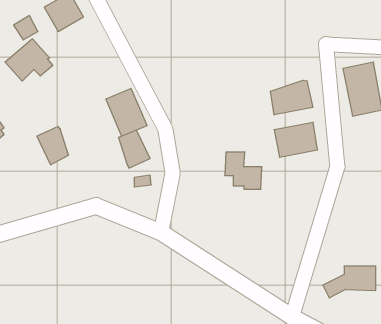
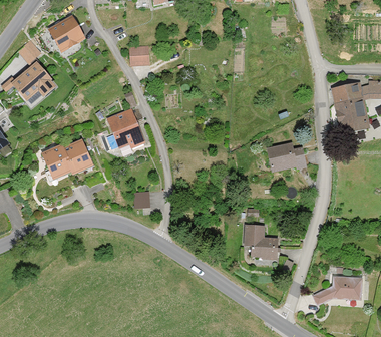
building: none -> [128,44,149,65]
building: [271,80,313,115] -> none
building: [118,130,150,168] -> [63,138,93,175]
building: [225,152,262,189] -> [244,224,279,259]

